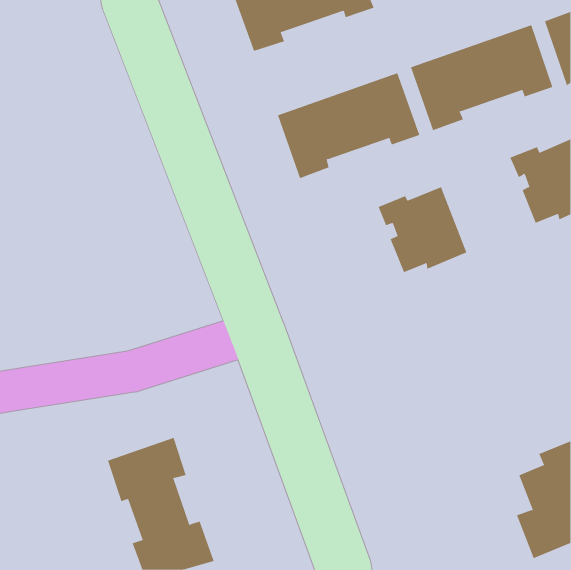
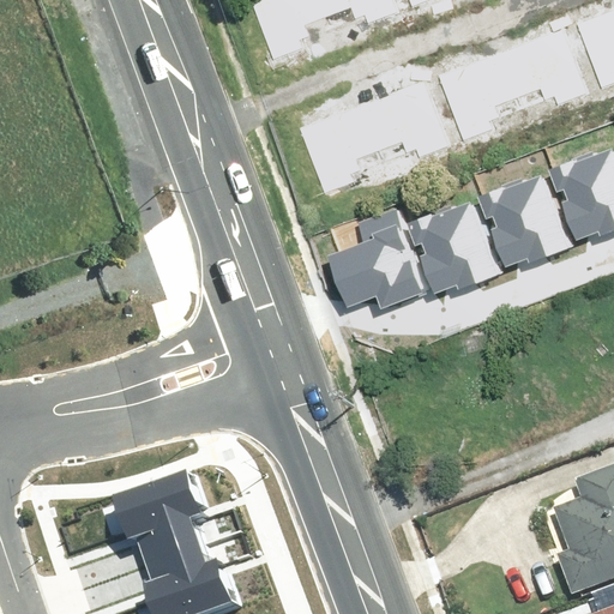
building: none -> [477,175,573,267]
building: none -> [329,211,426,311]

